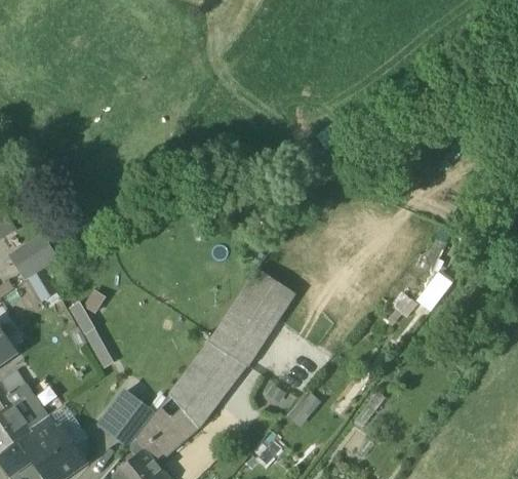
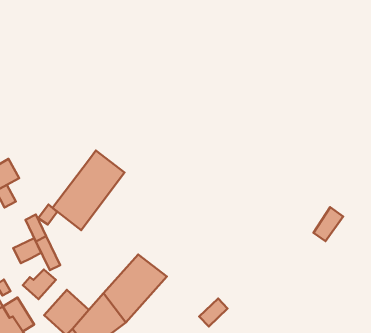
building: [208,269,293,367] -> [52,150,125,230]
building: none -> [13,238,41,263]
building: none -> [23,269,56,299]

